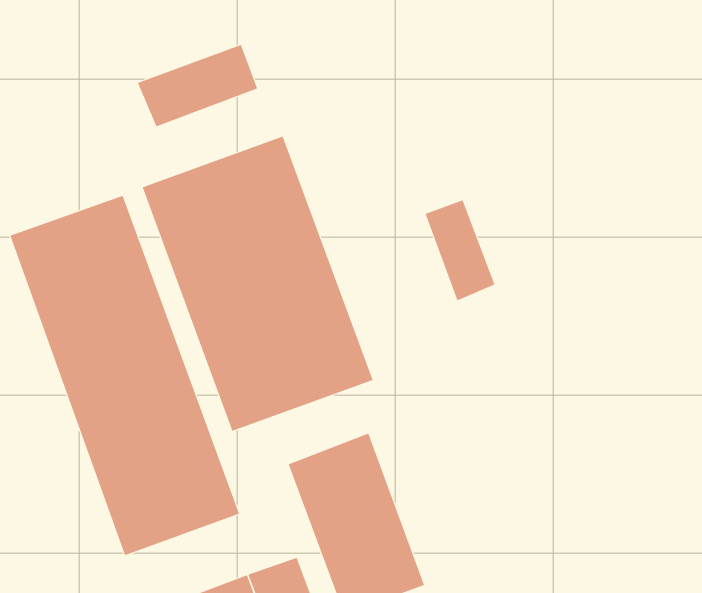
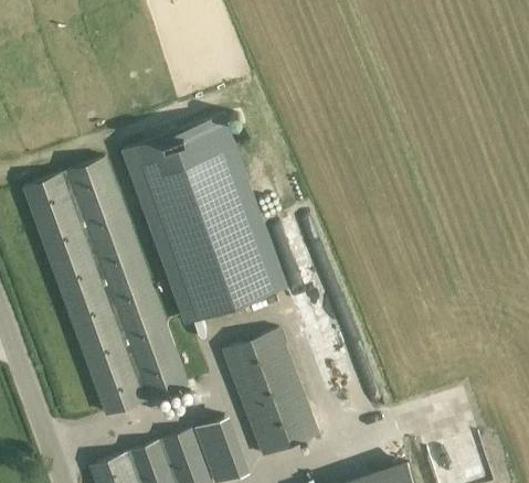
building: [137,44,258,127] -> none
building: [425,199,495,301] -> none

